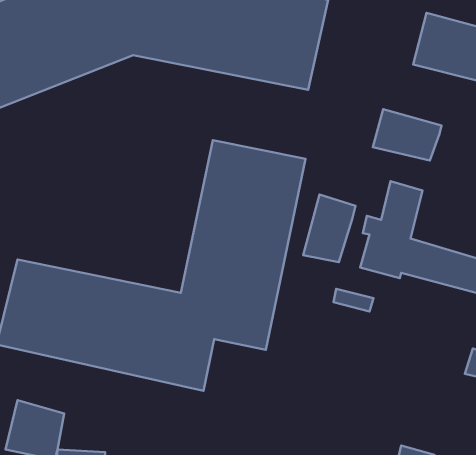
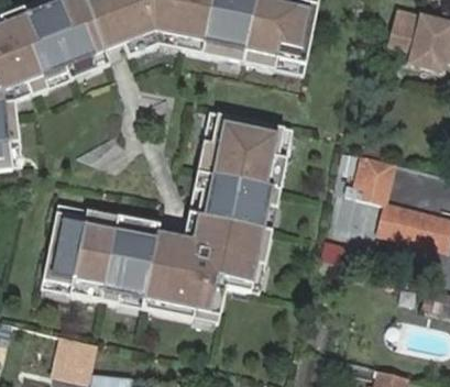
building: [373,109,441,161] -> none
building: [303,195,355,262] -> none

